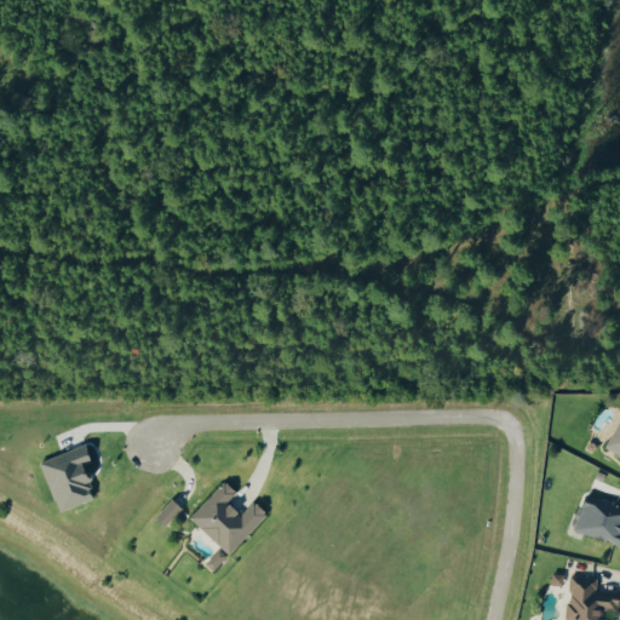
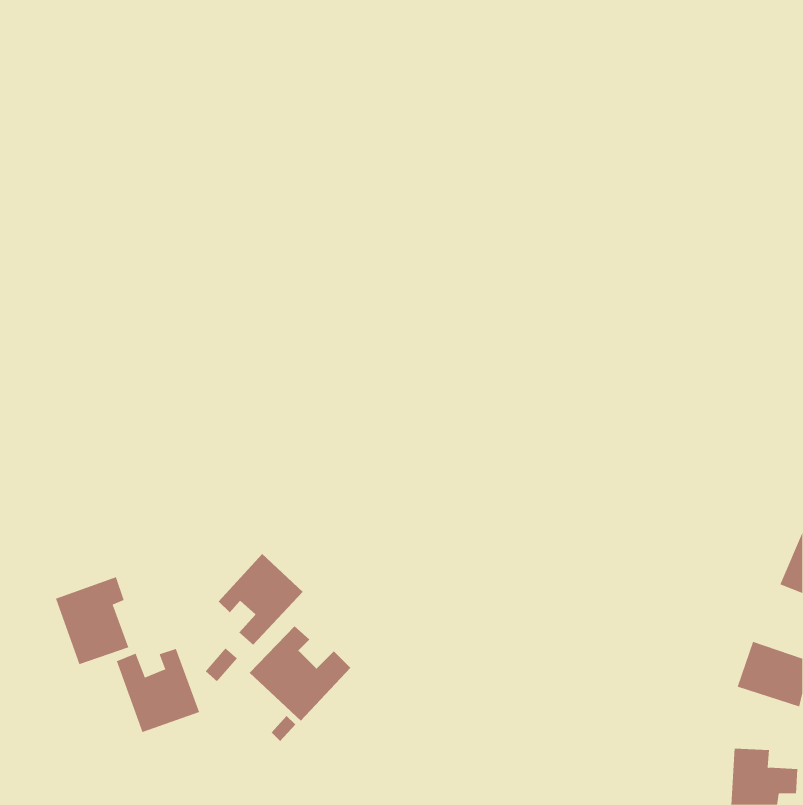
building: none -> [218,553,303,645]
building: none -> [116,648,200,733]

